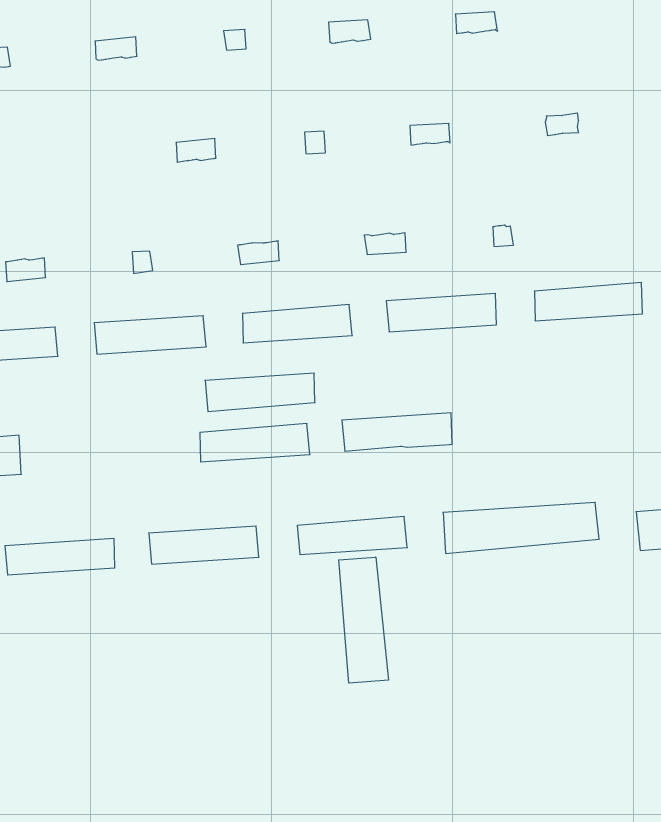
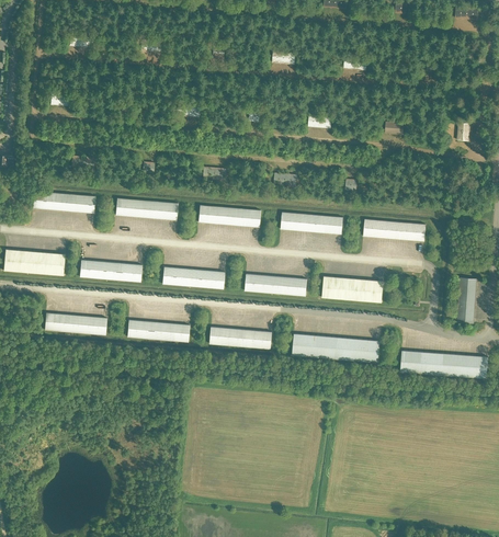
building: [205,373,315,412] -> [81,260,144,282]
building: none -> [322,276,383,301]
building: [339,557,388,683] -> none

